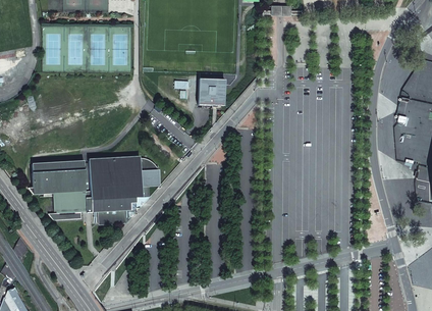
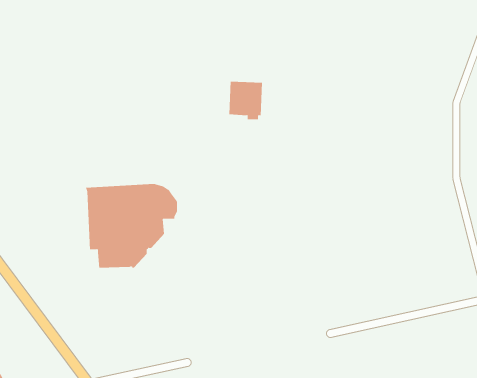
building: [30,160,92,219] -> none

